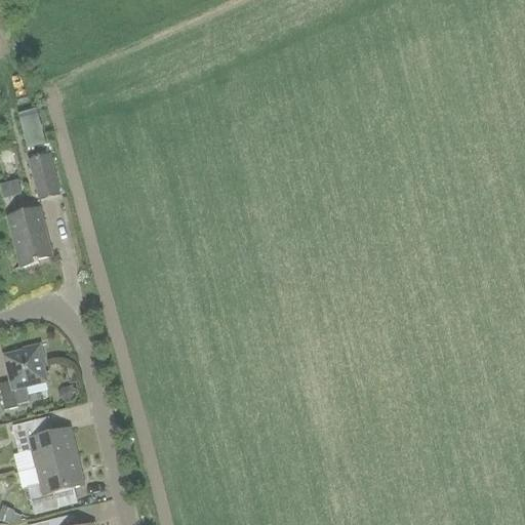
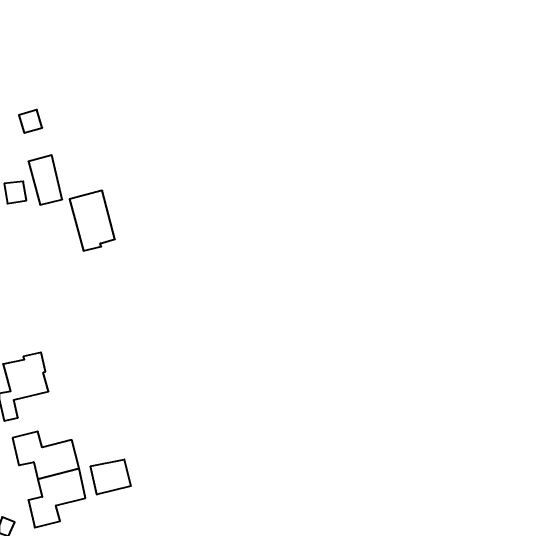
building: [8,207,52,266] -> [70,191,115,251]
building: none -> [91,459,131,495]

